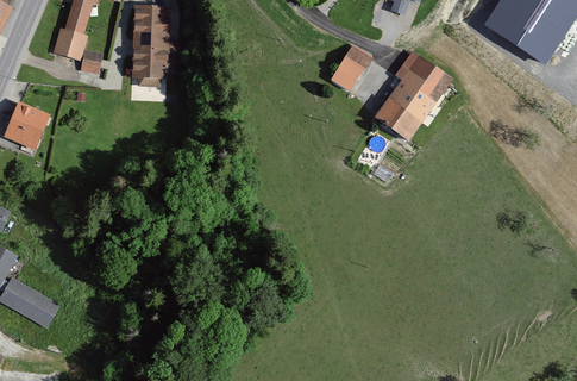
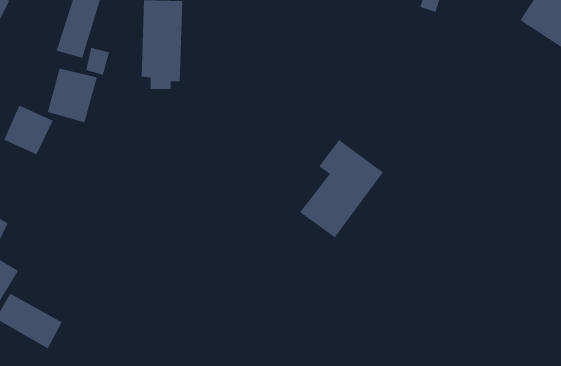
building: [330,44,372,93] -> none
building: [375,48,453,139] -> [299,139,384,238]
building: none -> [47,68,98,123]

